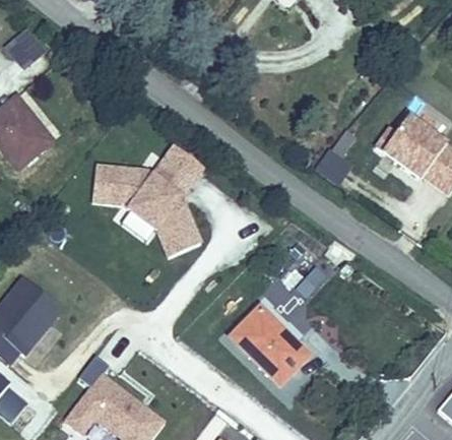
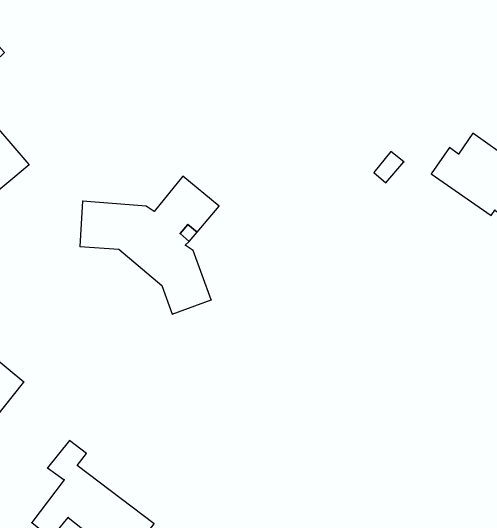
building: [228,254,340,385] -> none

